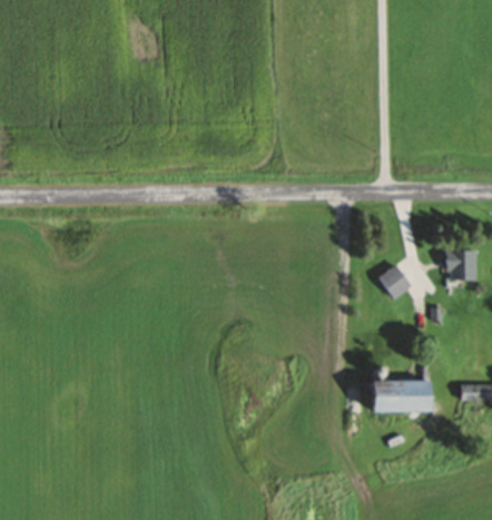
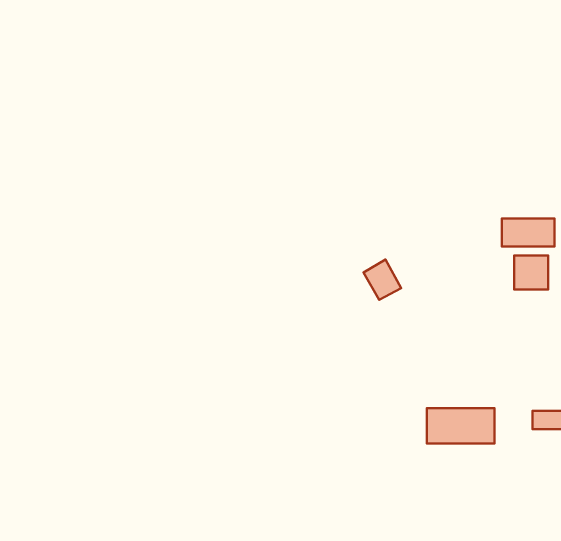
building: none -> [502,218,555,246]
building: [378,265,411,300] -> [363,259,401,300]

